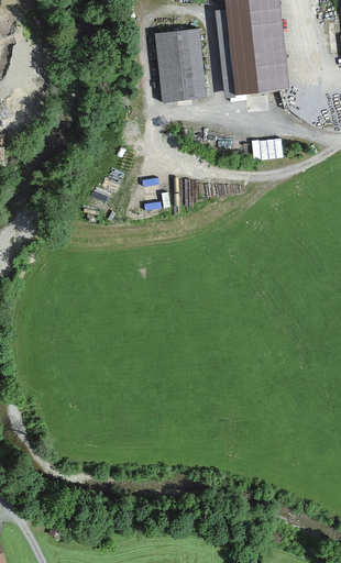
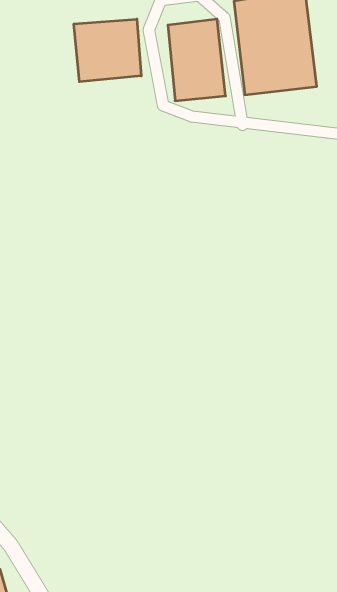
building: none -> [74,19,141,82]

